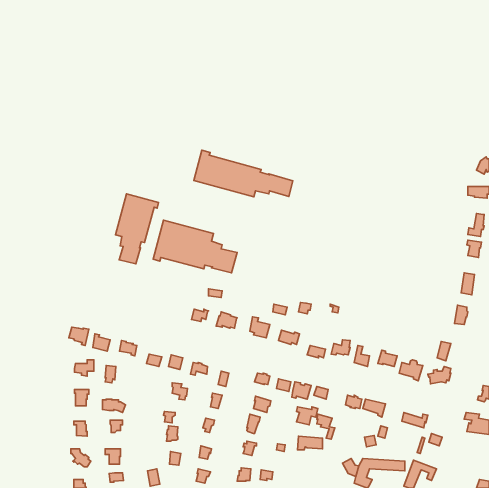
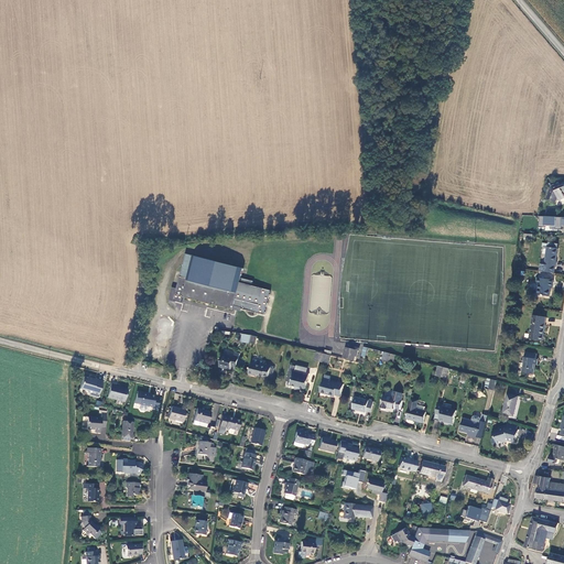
building: [194,150,293,197] -> none
building: [115,194,159,264] -> none
building: none -> [525,517,558,551]

